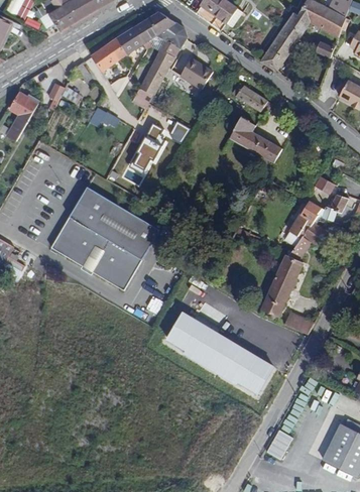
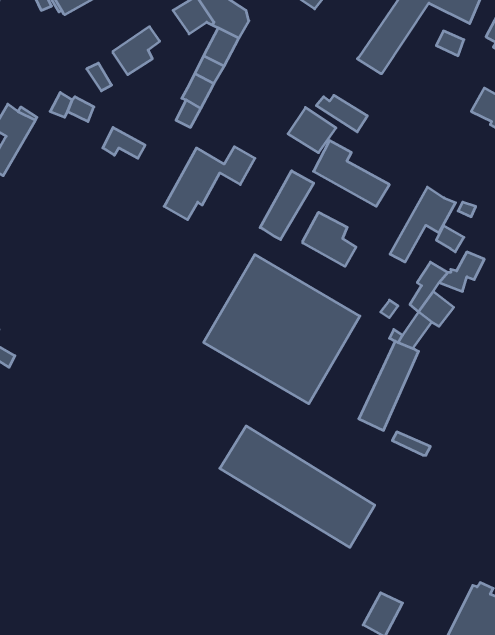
building: [116,27,144,60] -> none
building: [178,57,212,89] -> [288,107,336,153]
building: none -> [260,171,314,240]
building: none -> [390,187,456,262]
building: none -> [303,212,356,266]
building: [52,187,160,289] -> [204,255,360,404]

